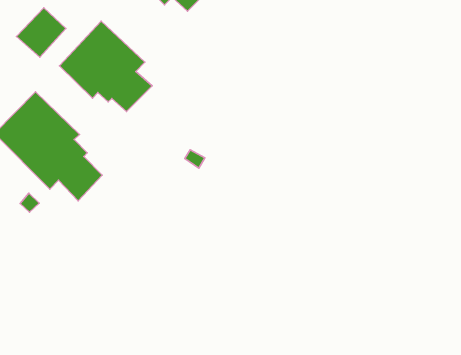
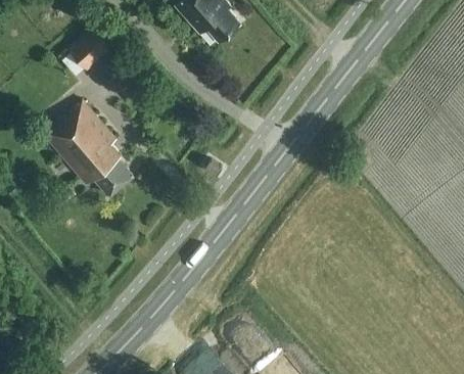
building: [60,21,152,112] -> none

